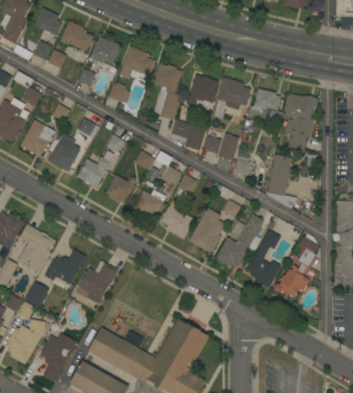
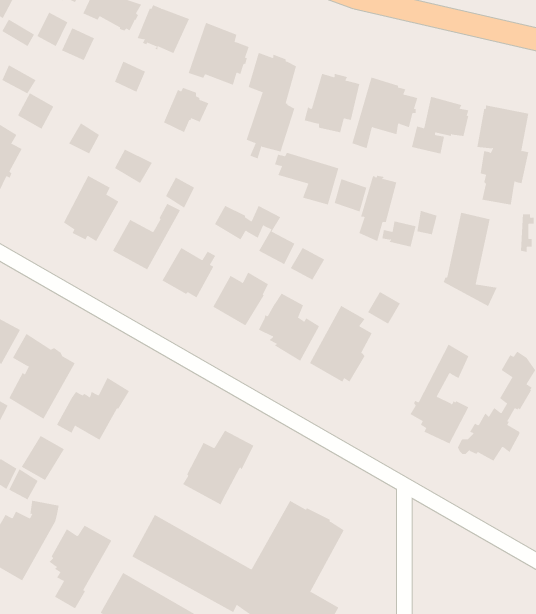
building: [19,119,55,156] -> none
building: [216,214,264,267] -> none
building: [76,261,117,304] -> [182,430,254,505]

